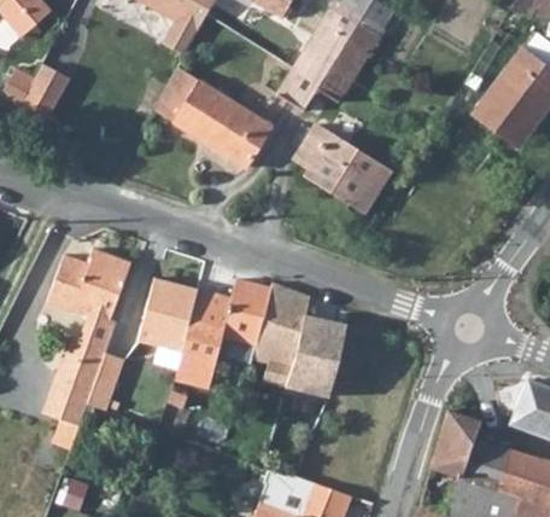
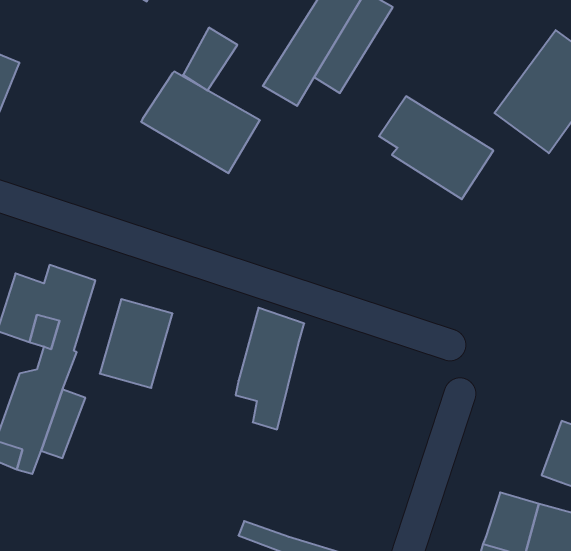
building: [153,70,199,123] -> [183,28,237,91]
building: [293,126,390,213] -> [379,96,493,199]
building: [175,278,270,388] -> none
building: [287,313,346,395] -> none
building: [432,409,481,476] -> none

